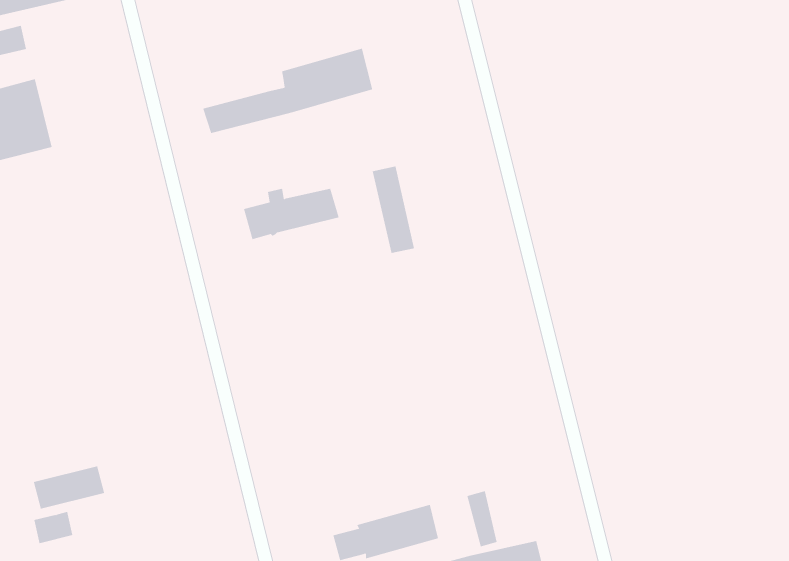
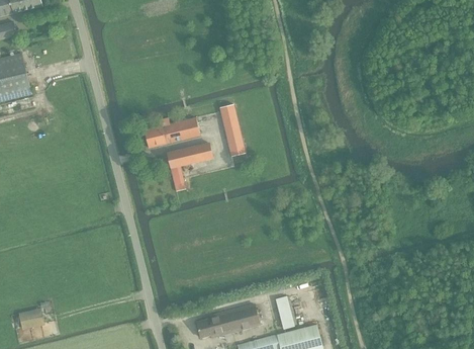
building: [203,48,373,134] -> none
building: none -> [167,143,212,191]
building: [33,466,105,510] -> none

